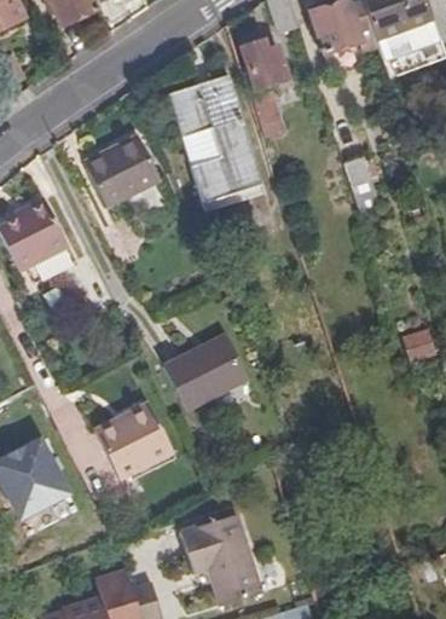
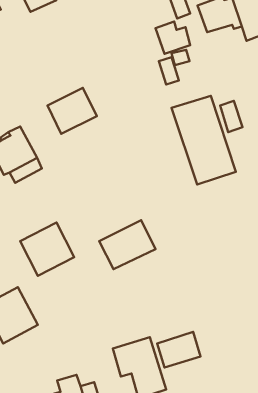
building: [170,79,267,212] -> [171,96,236,185]
building: [95,401,176,481] -> [20,223,74,276]
building: none -> [157,332,201,368]

